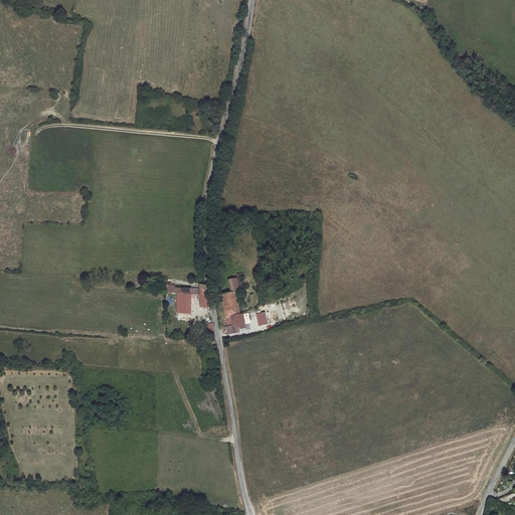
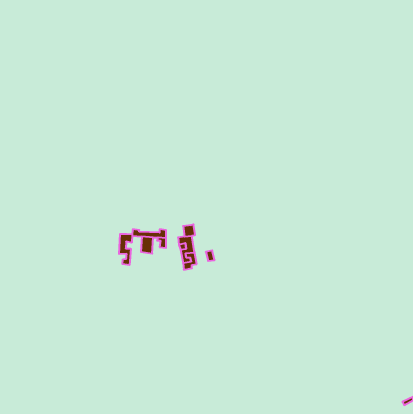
building: none -> [119,234,132,265]

